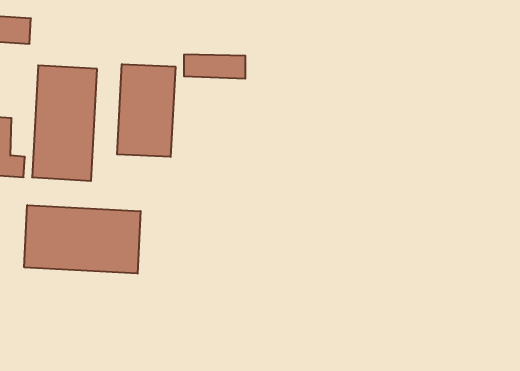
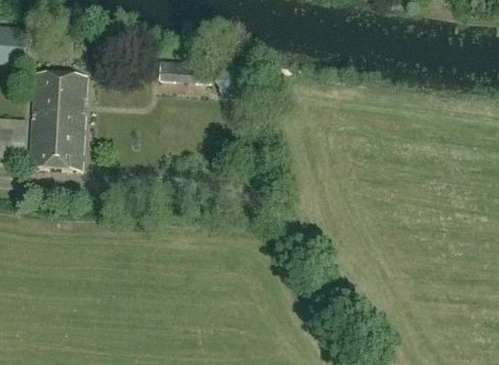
building: [117,64,175,157] -> none
building: [24,205,141,274] -> none

